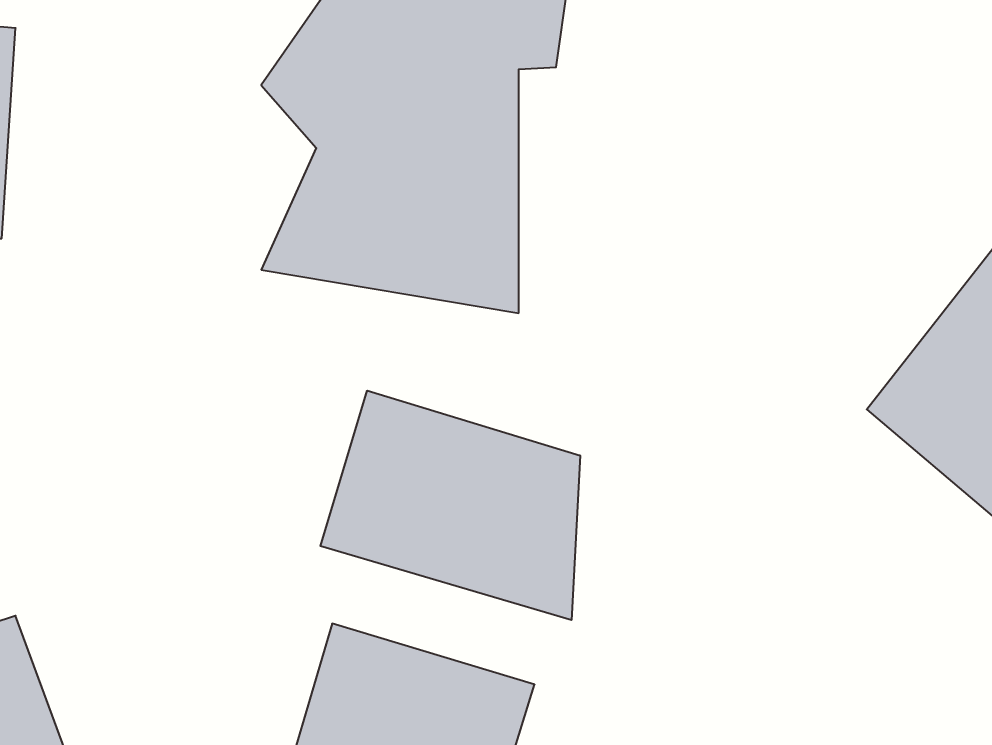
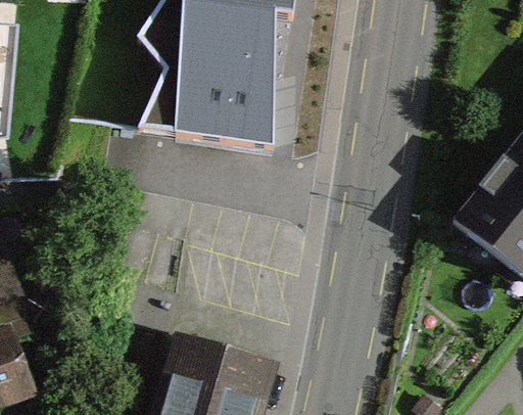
building: [320,391,580,620] -> none

